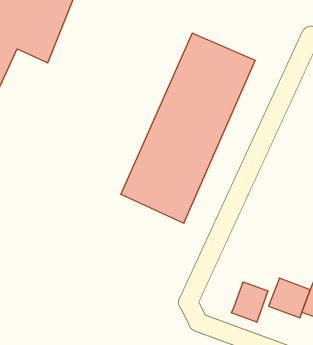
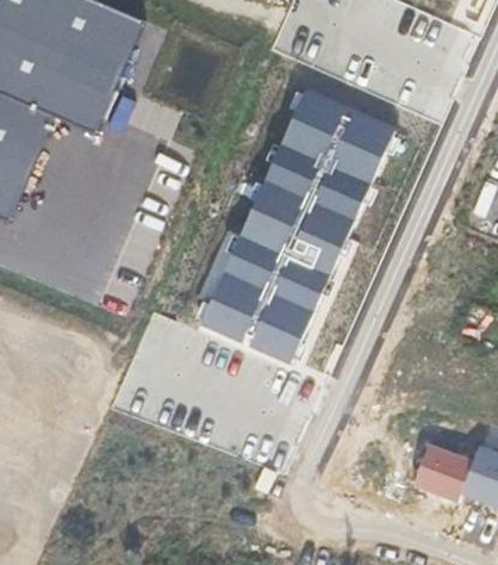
building: [231,282,268,322] -> none

